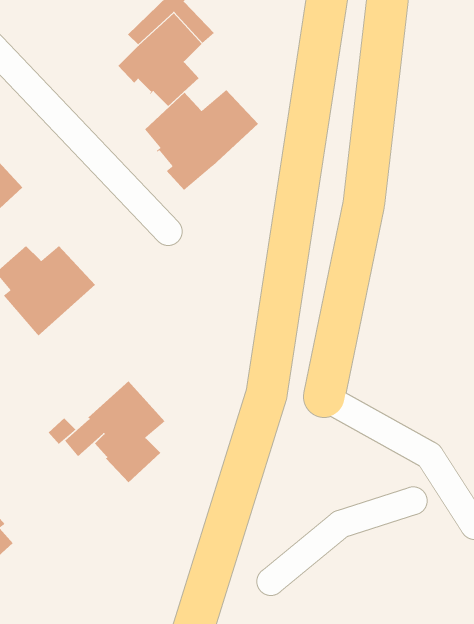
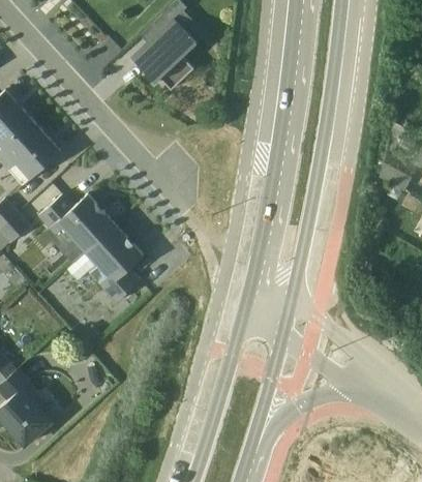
building: [144,89,259,191] -> none
building: [64,381,165,483] -> [66,224,143,302]

